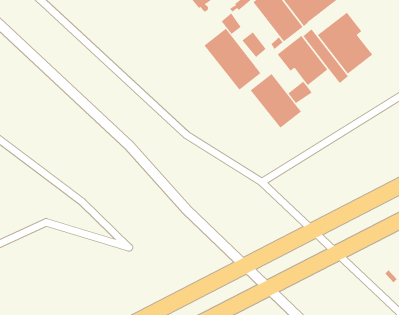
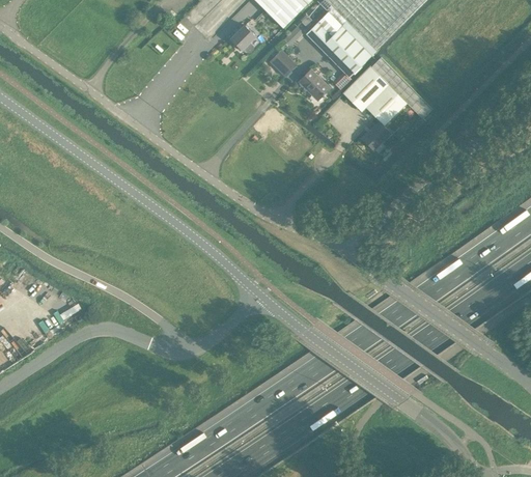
building: [317,12,373,75] -> none
building: [204,28,261,90] -> none
building: [250,73,302,128] -> none

